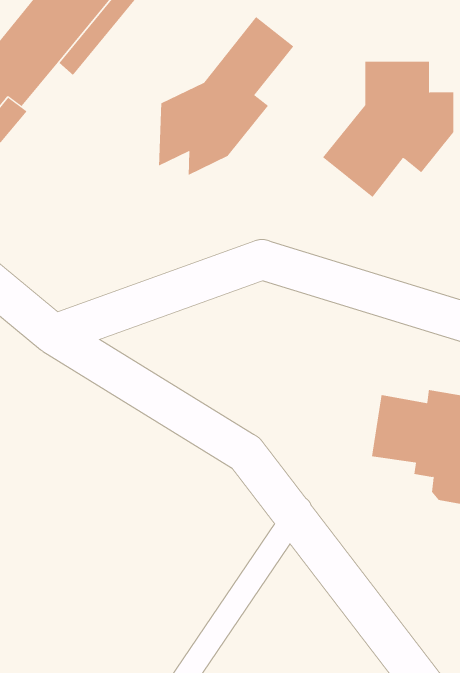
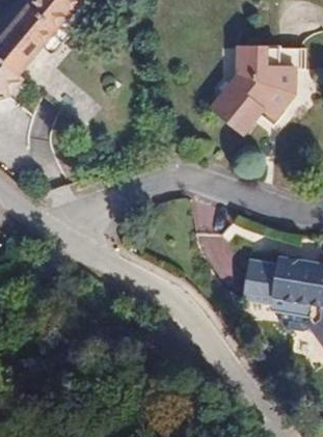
building: [159,16,294,176] -> none

